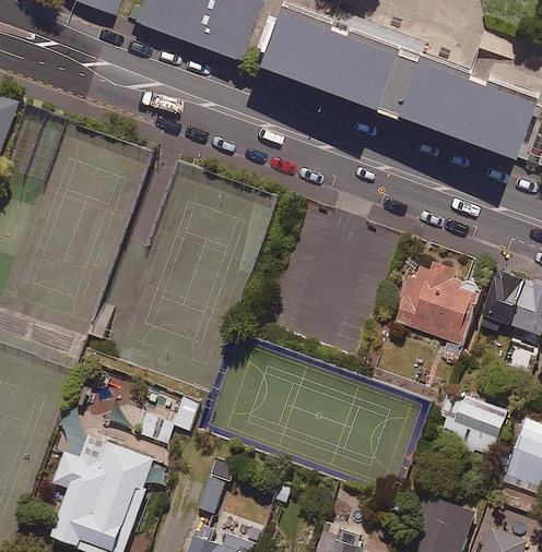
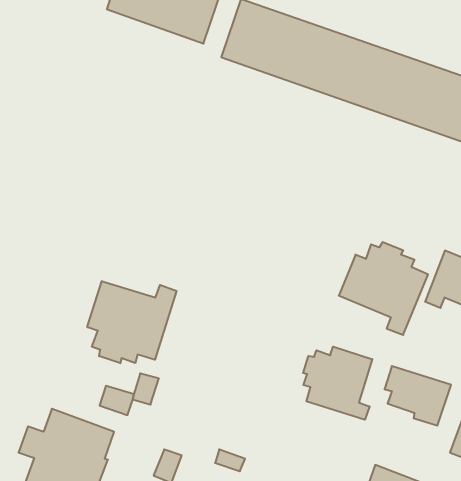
building: none -> [87,281,177,363]
building: none -> [303,347,372,420]

